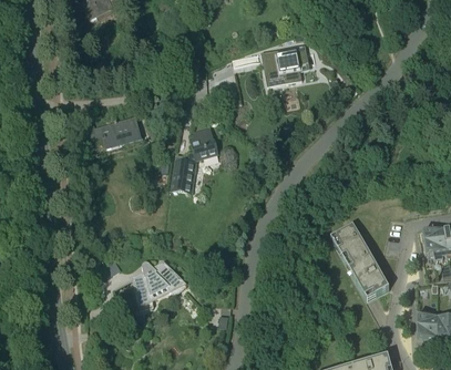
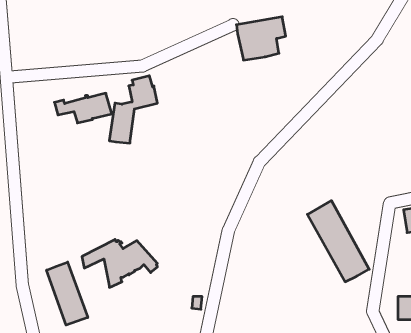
building: [172,126,218,192] -> [109,76,157,143]
building: none -> [47,262,88,325]

